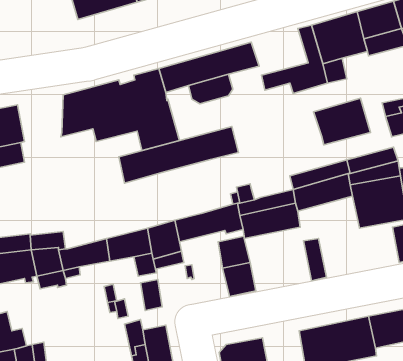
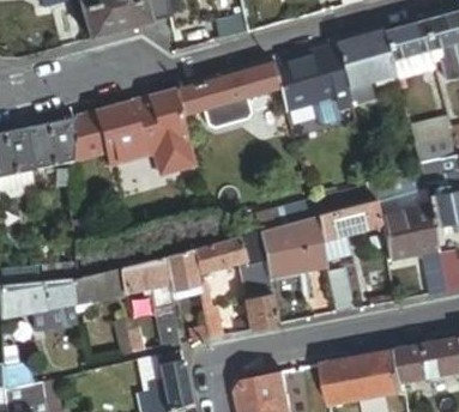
building: none -> [26,119,74,168]
building: [314,98,371,145] -> [272,49,332,98]
building: [119,127,239,183] -> none

